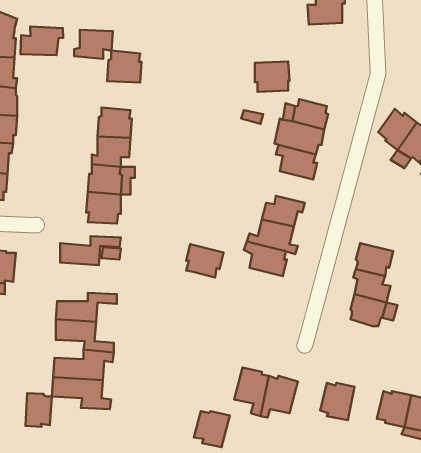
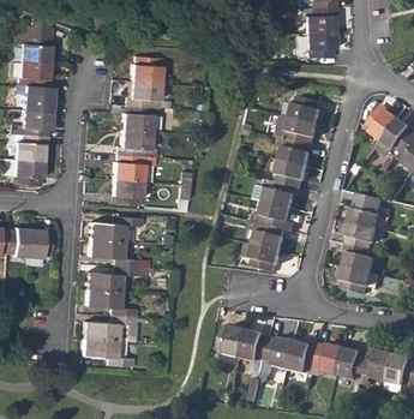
building: [20,26,63,55] -> none
building: [74,30,113,59] -> [127,82,161,107]
building: [255,61,289,92] -> [307,31,337,58]
building: none -> [278,160,311,187]
building: none -> [352,202,384,229]
building: [186,244,224,278] -> [252,244,284,273]
building: none -> [90,239,140,267]
building: none -> [290,342,323,373]
building: none -> [341,347,372,379]
building: [25,393,52,427] -> none
building: [194,411,230,447] -> [218,327,250,358]

